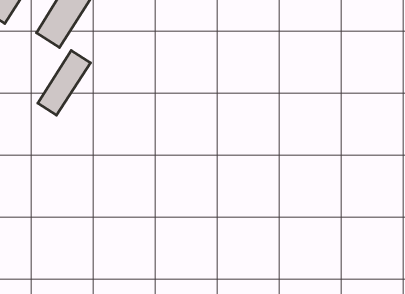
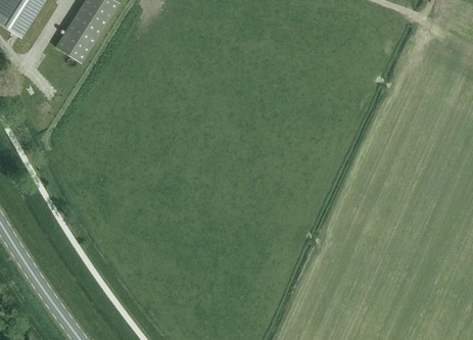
building: [38,50,90,115] -> none

